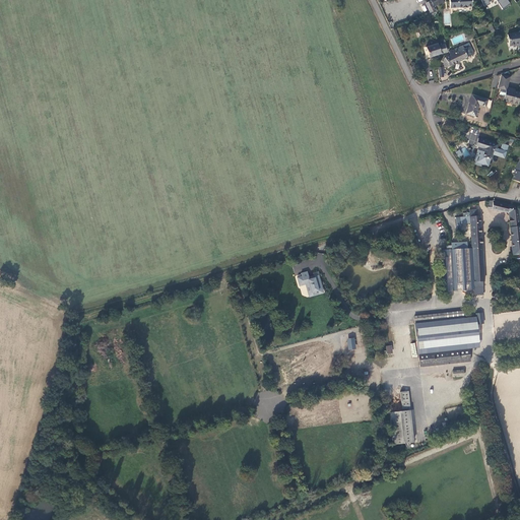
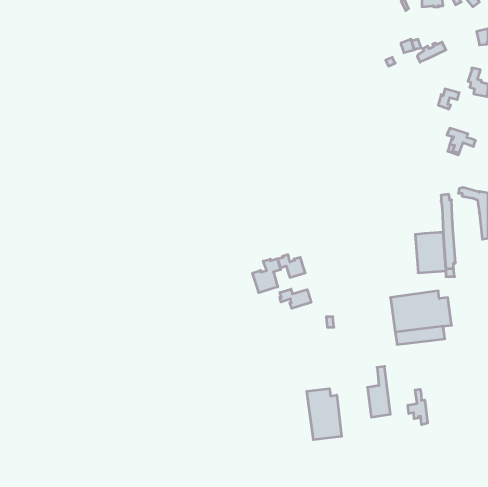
building: none -> [253,259,281,293]
building: none -> [280,289,311,308]
building: none -> [307,389,342,440]
building: none -> [408,389,428,425]

